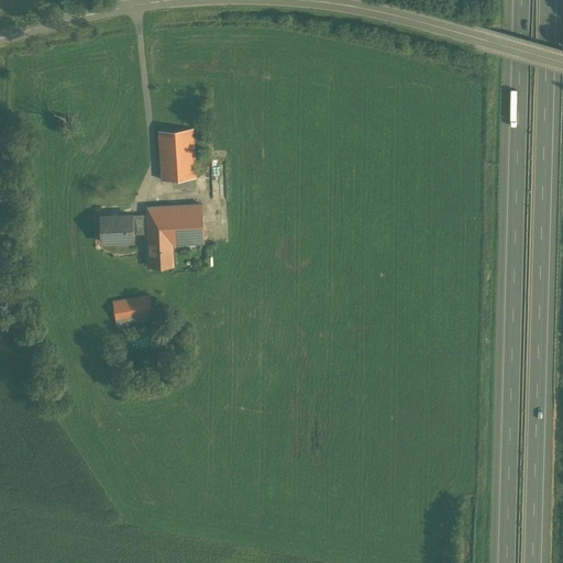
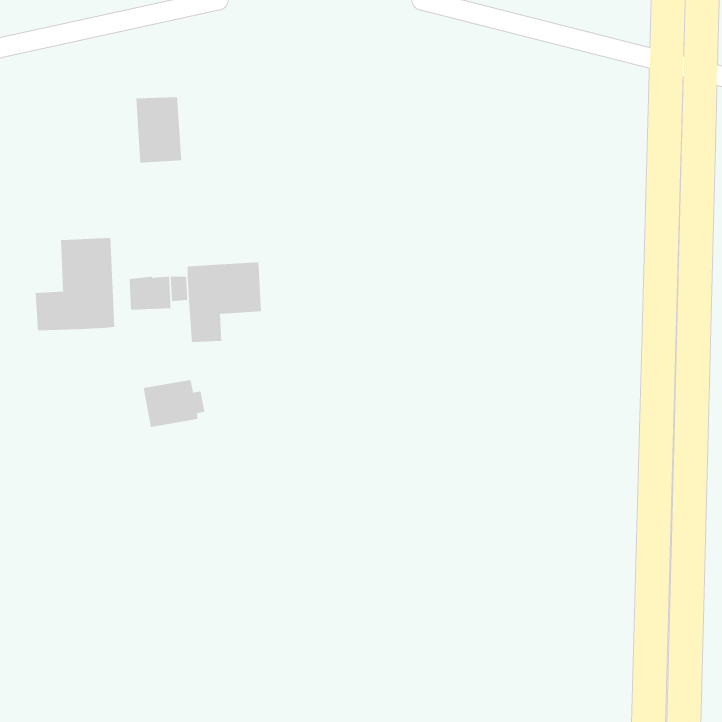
building: [158,130,195,181] -> [135,97,182,163]
building: none -> [35,237,115,331]

